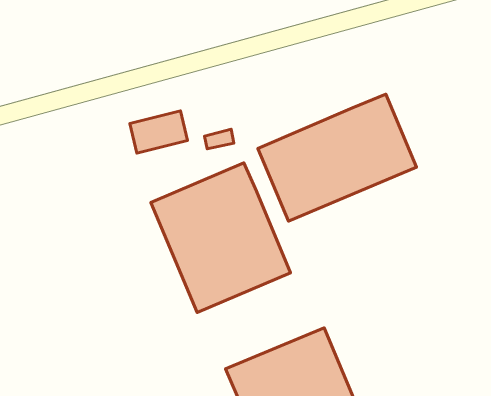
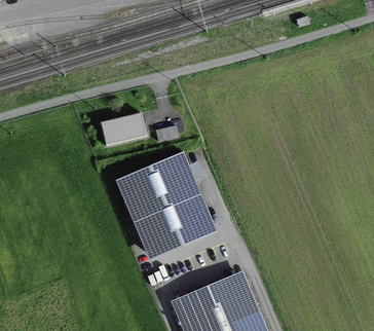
building: [258,94,417,221] -> none

